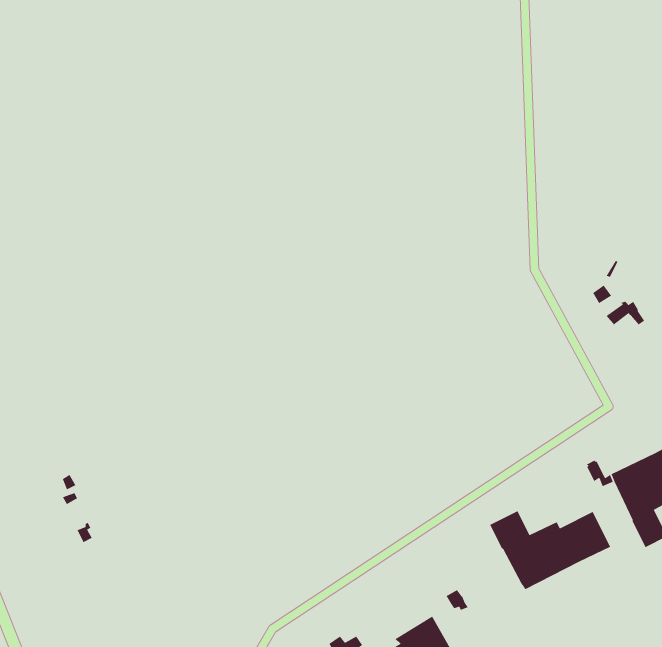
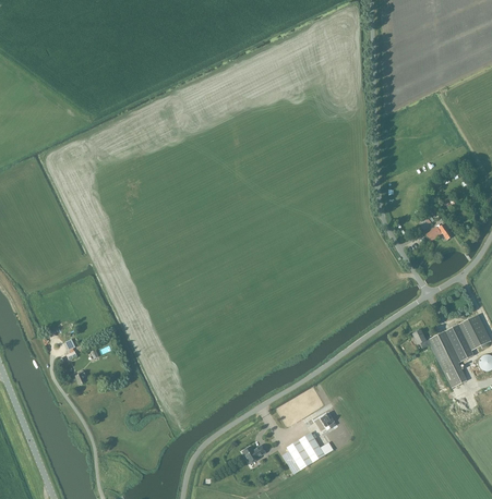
building: [489,510,611,590] -> none

